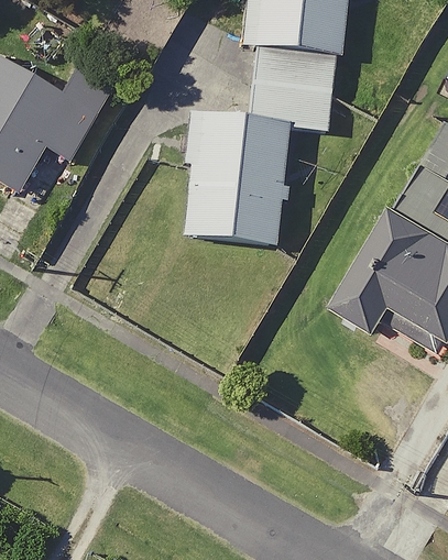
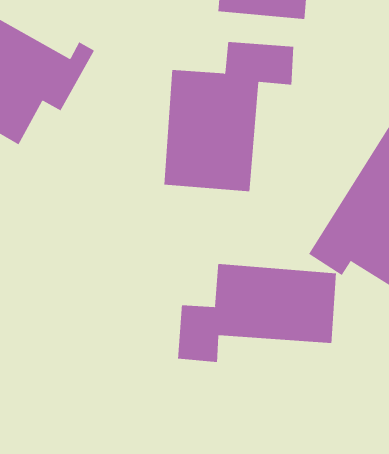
building: none -> [178,263,337,363]

